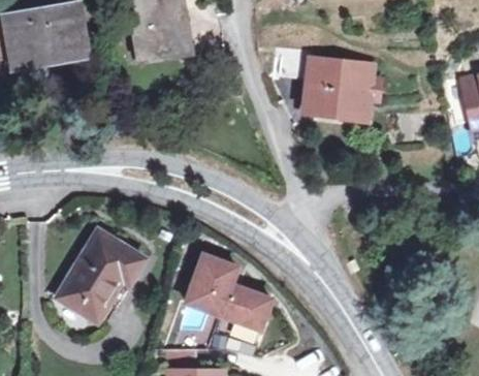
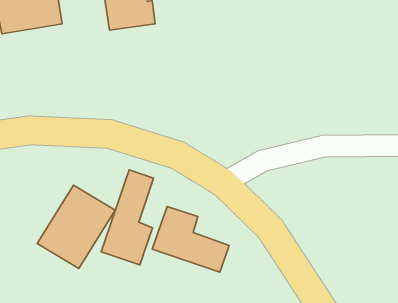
building: [307,59,370,113] -> none
building: none -> [101,170,153,265]

